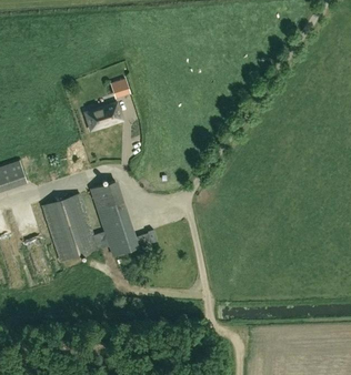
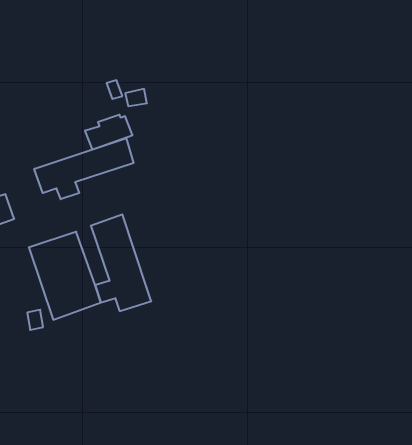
building: none -> [34,138,134,199]

